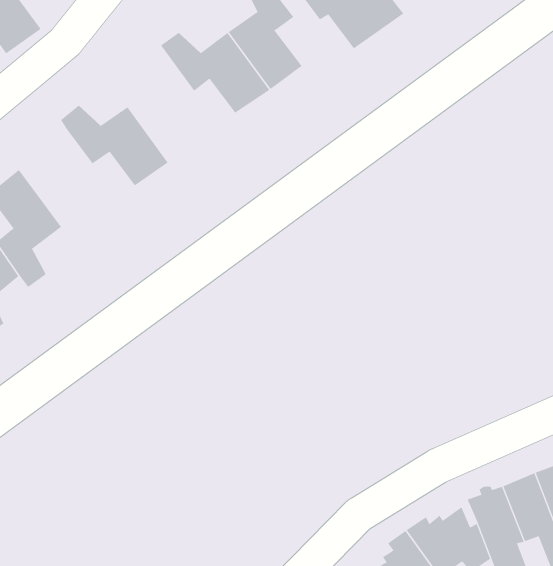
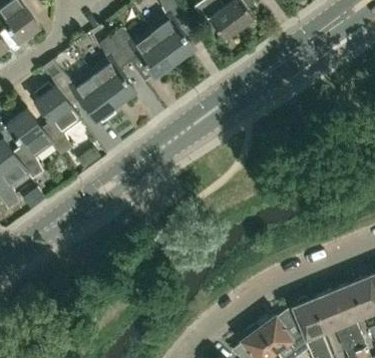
building: none -> [91,38,135,107]
building: none -> [34,86,79,157]

